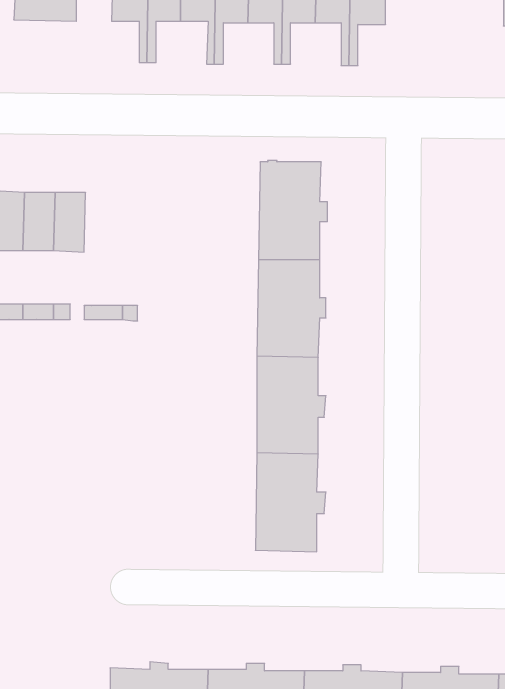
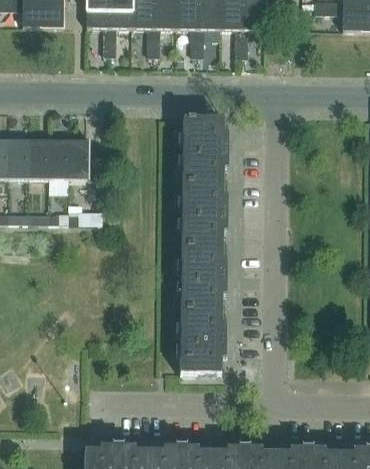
building: none -> [69,137,90,178]

